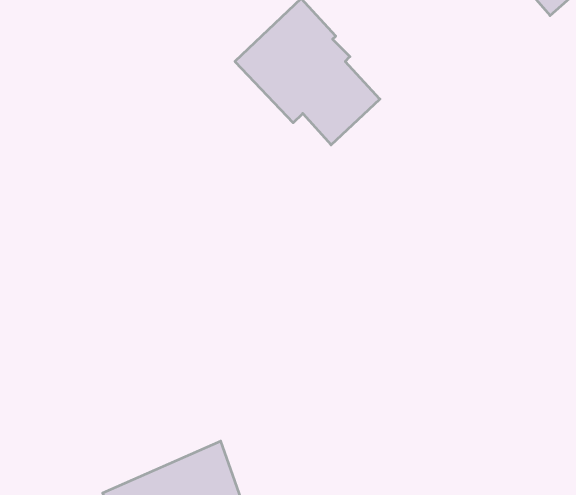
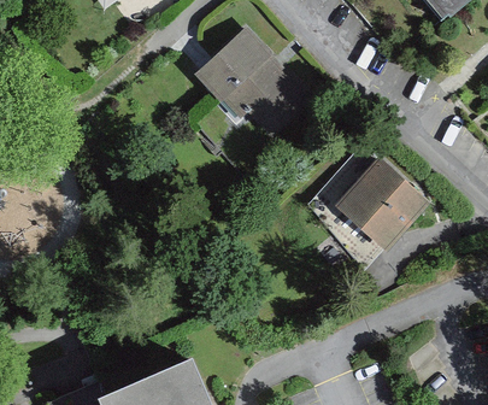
building: none -> [337,149,433,243]

